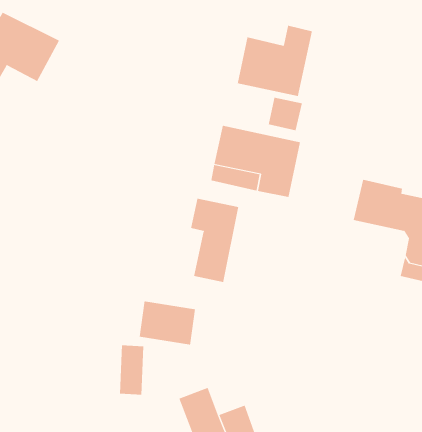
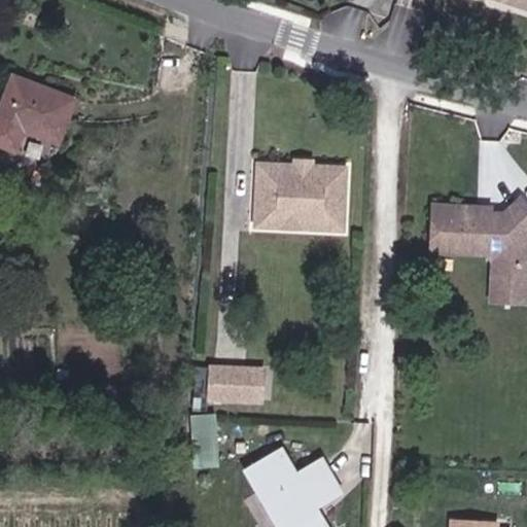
building: [237,25,313,97] -> none
building: [268,97,303,131] -> none
building: [190,198,239,283] -> none

